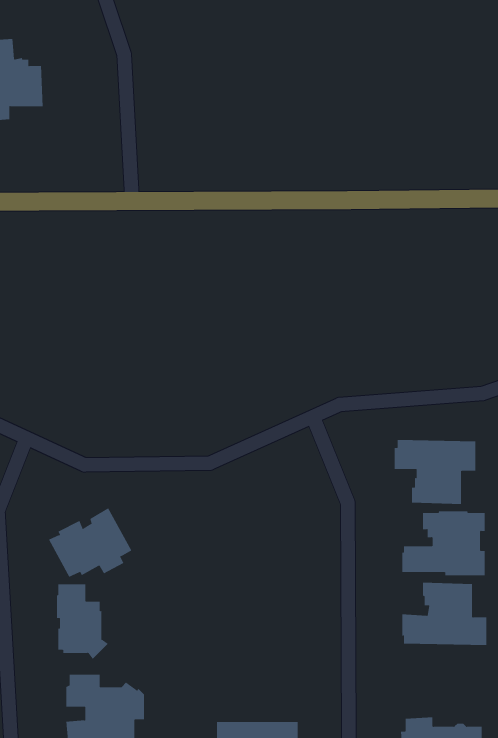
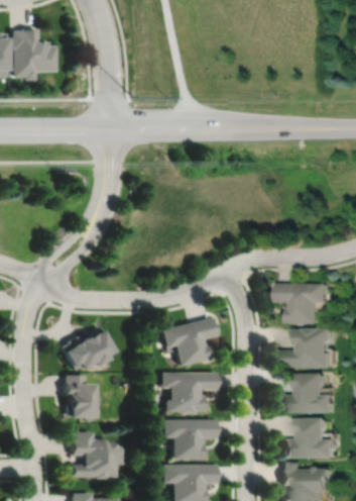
building: none -> [160,318,215,367]
building: none -> [159,374,215,415]
building: none -> [280,420,337,457]
building: none -> [162,421,215,458]

